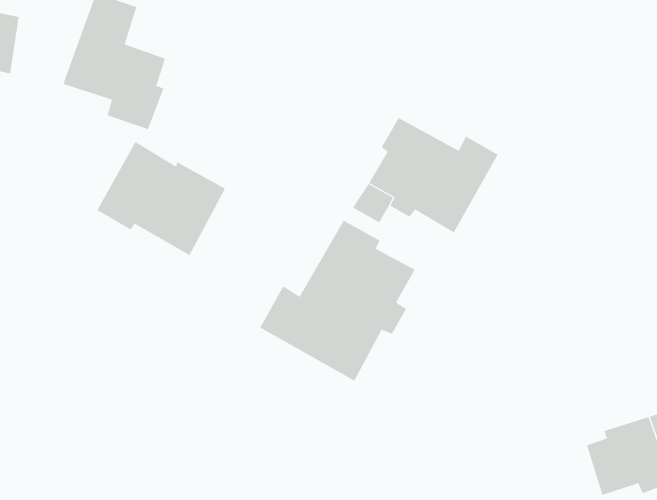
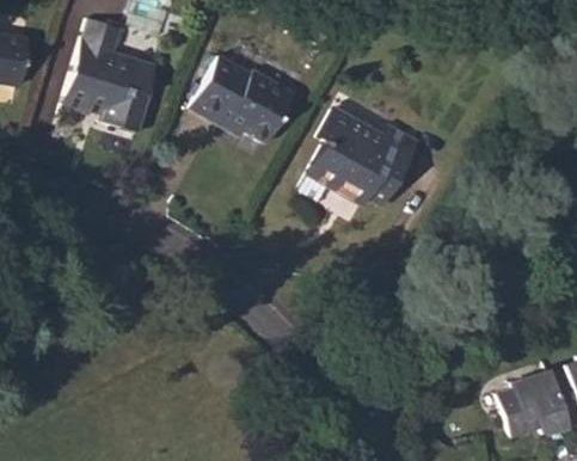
building: [97,141,226,256] -> [188,49,295,145]
building: [259,220,416,381] -> none

